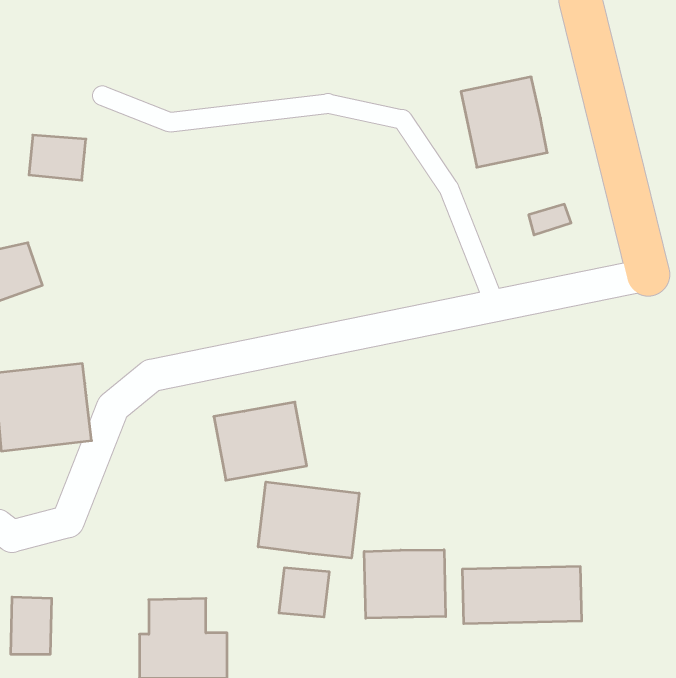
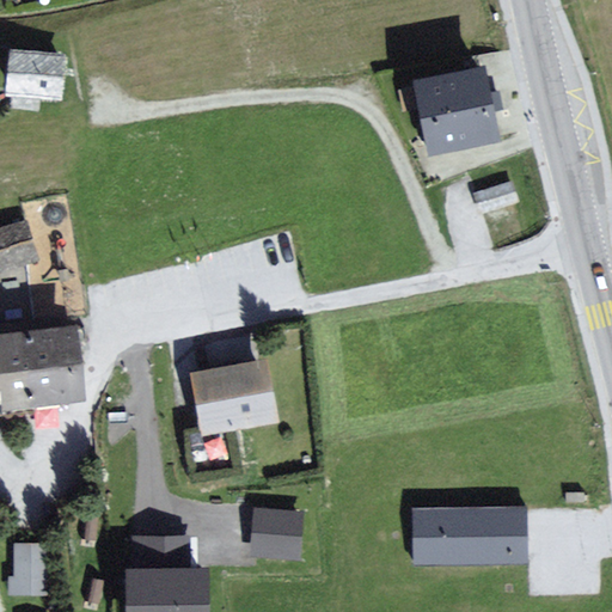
building: [29,135,86,180] -> [7,55,59,96]
building: [258,482,359,558] -> none
building: [364,550,446,618] -> none

